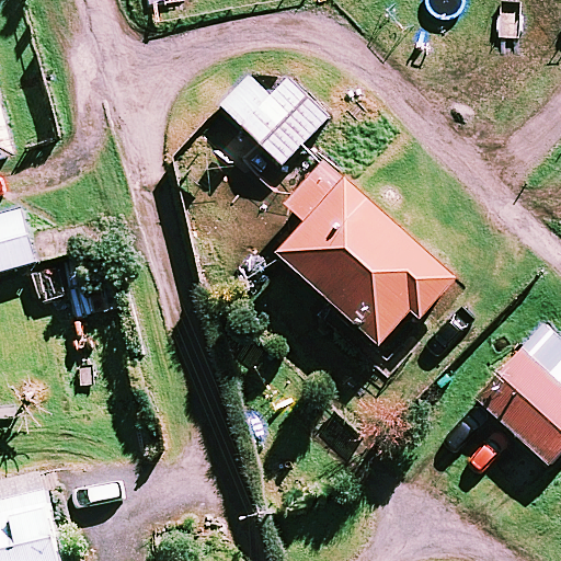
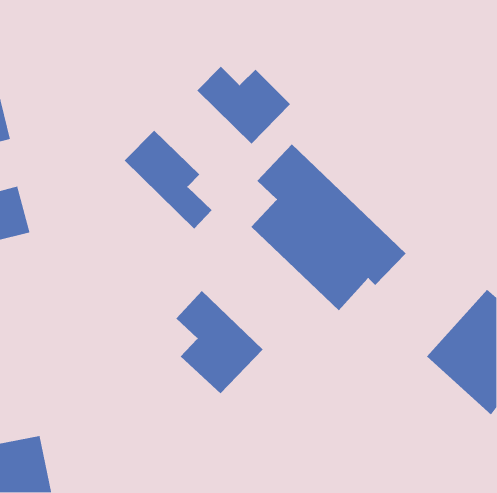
building: none -> [124,130,212,229]
building: none -> [176,290,264,394]

